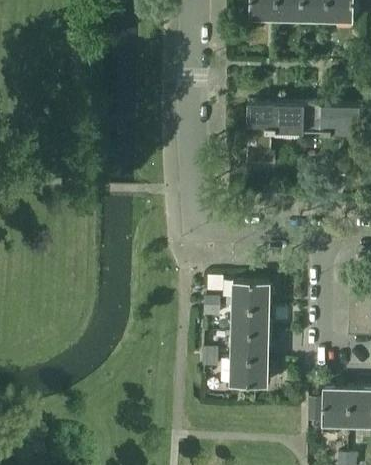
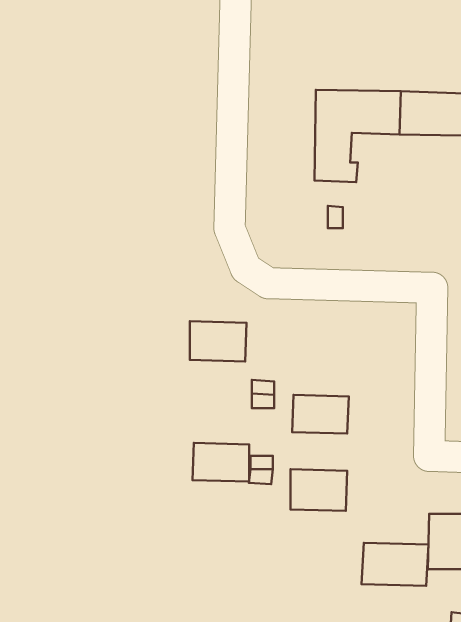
building: [232,283,270,310] -> [190,321,247,361]
building: [230,334,268,360] -> [192,443,249,482]
building: none -> [361,543,428,586]

